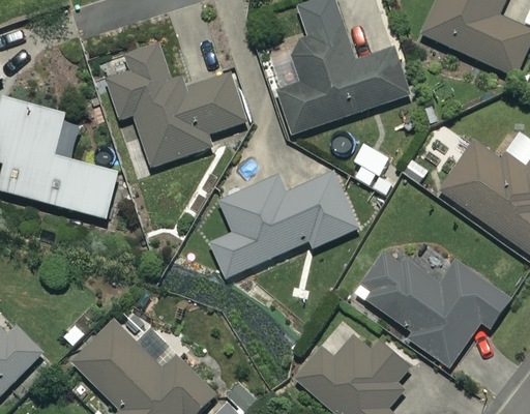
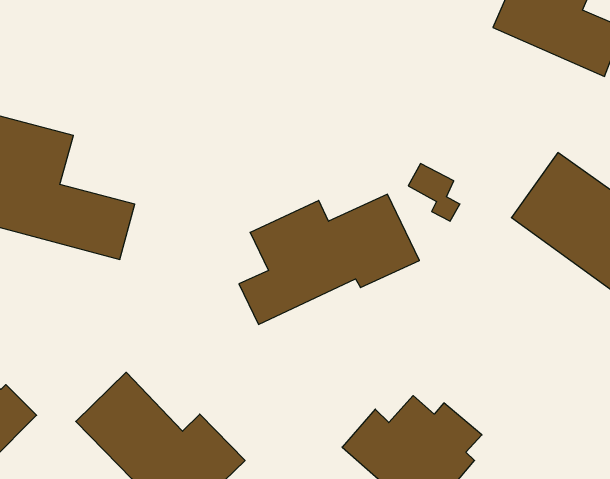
building: [276,12,406,134] -> none
building: [106,45,246,167] -> none
building: [360,249,510,365] -> none

